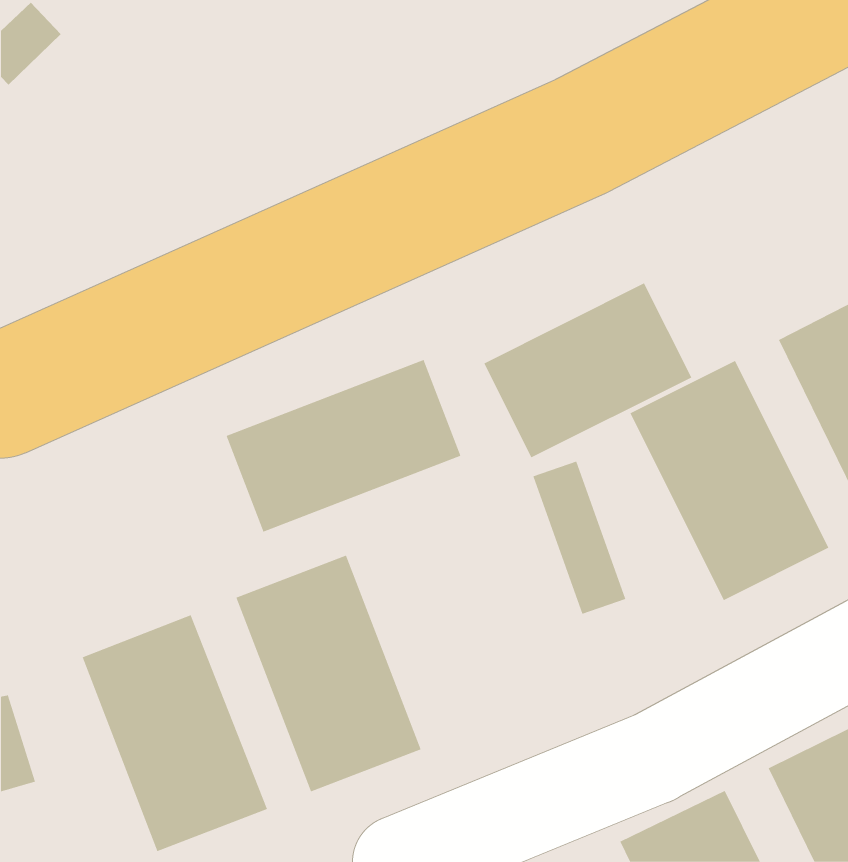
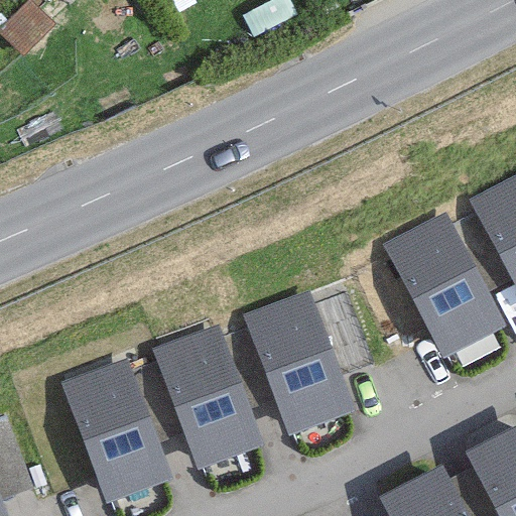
building: [483,283,692,458] -> none
building: [226,359,461,532] -> none
building: none -> [241,293,351,433]

